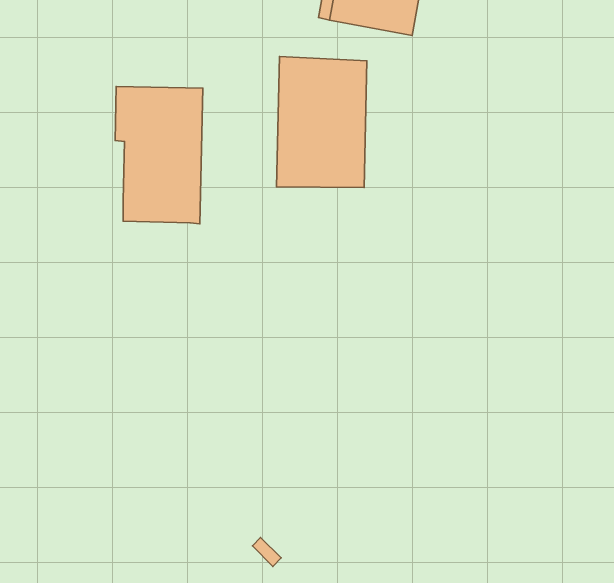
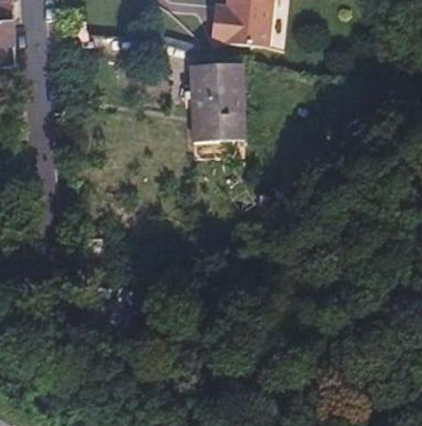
building: [115,87,203,224] -> none

